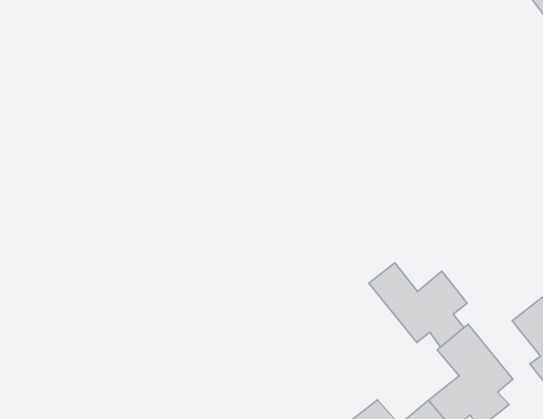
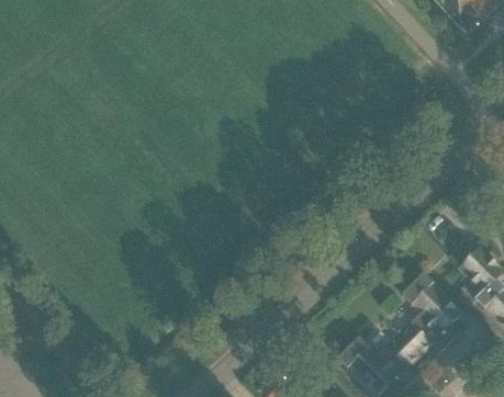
building: [369,263,467,347] -> none

